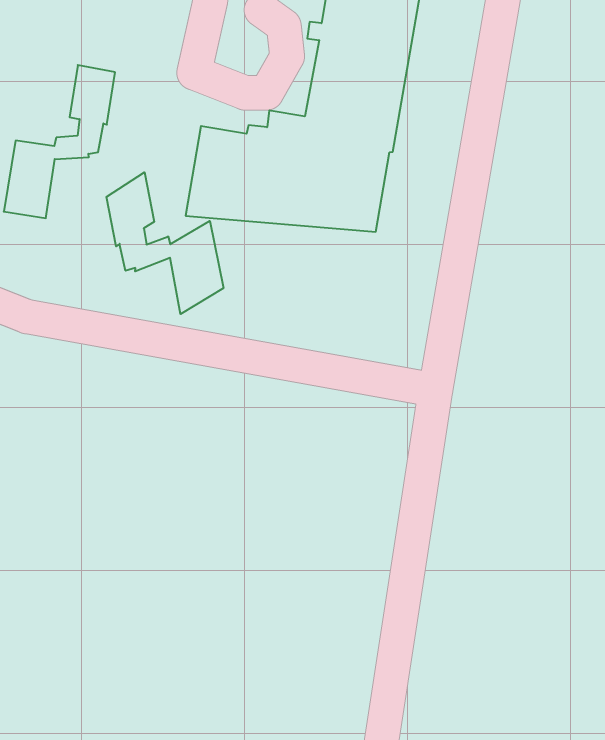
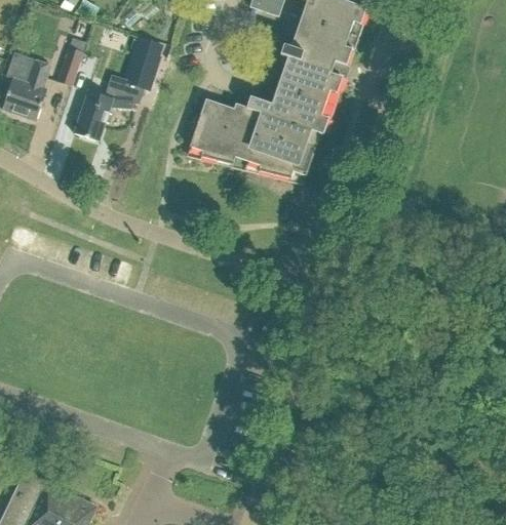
building: [107,172,223,314] -> none

